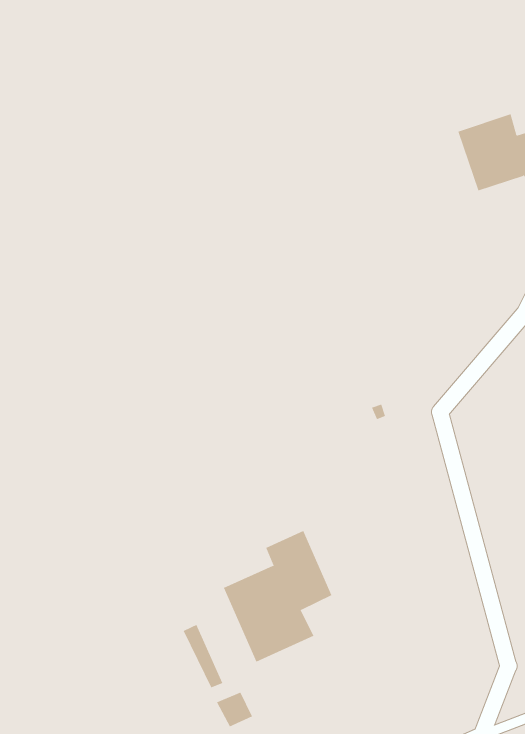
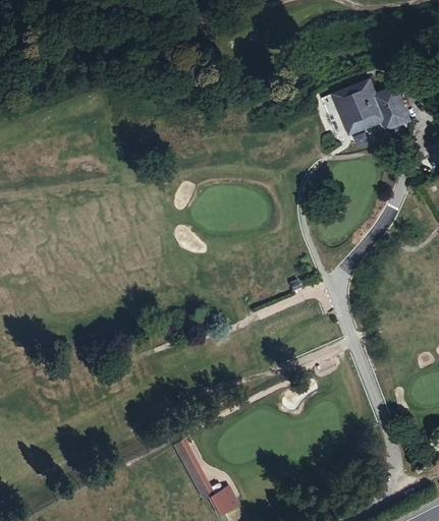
building: none -> [326,94,355,138]
building: [223,530,332,662] -> none

